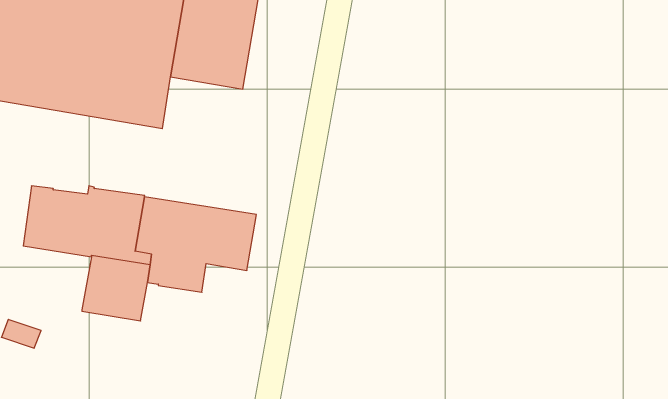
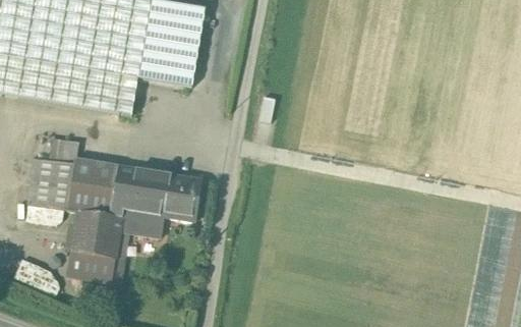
building: none -> [49,138,77,164]
building: none -> [66,230,127,284]

